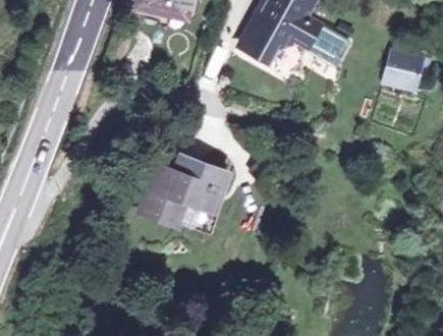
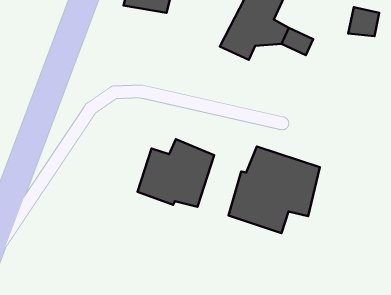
building: [382,58,416,90] -> [348,7,379,36]
building: none -> [229,147,320,233]

